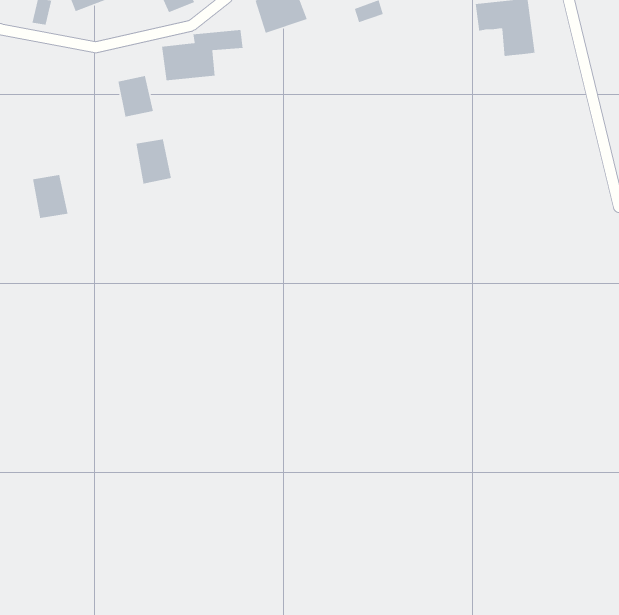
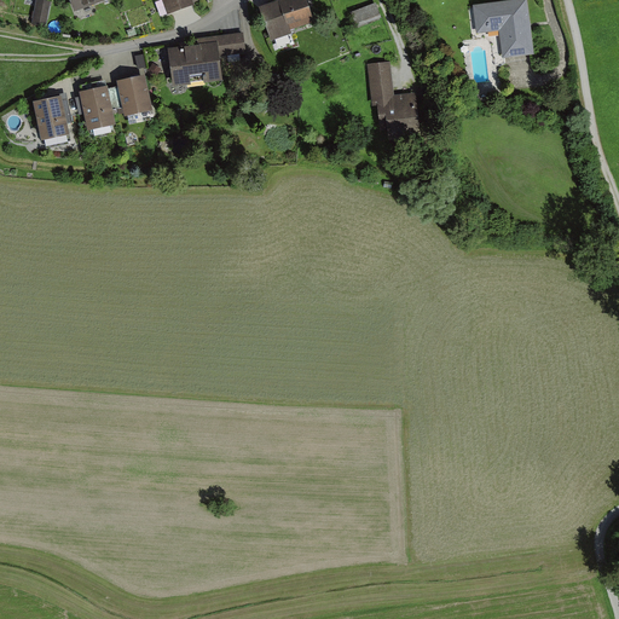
building: none -> [368,59,421,139]
building: [136,138,172,184] -> [80,86,116,132]
building: [32,174,68,219] -> [34,97,70,141]

